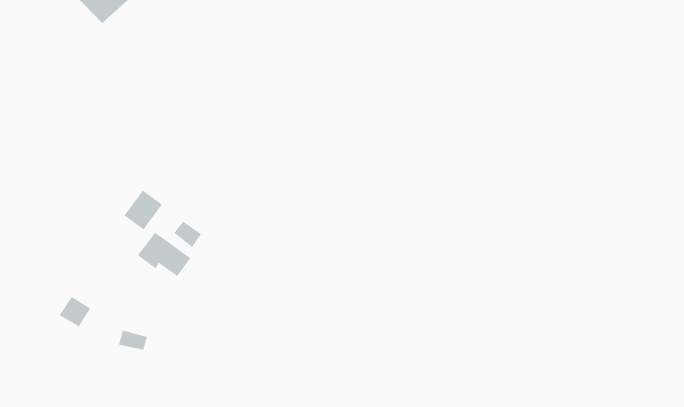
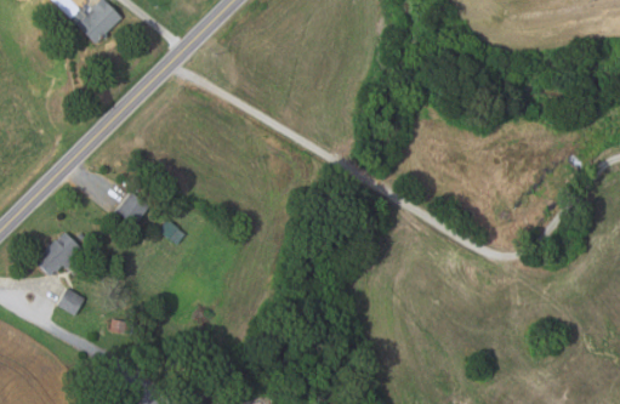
building: [137,232,191,277] -> none
building: none -> [33,232,80,277]

